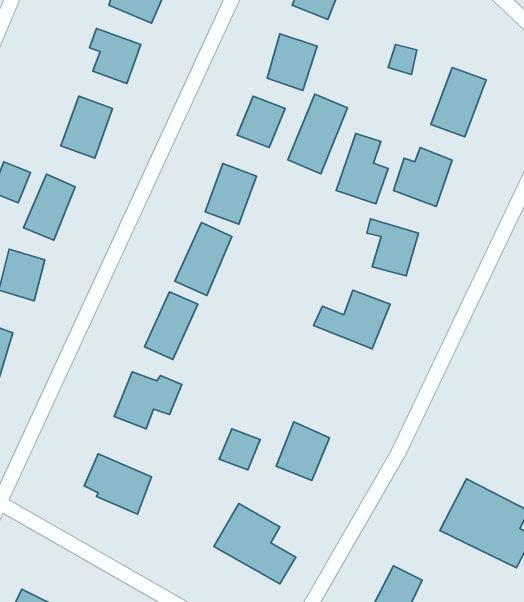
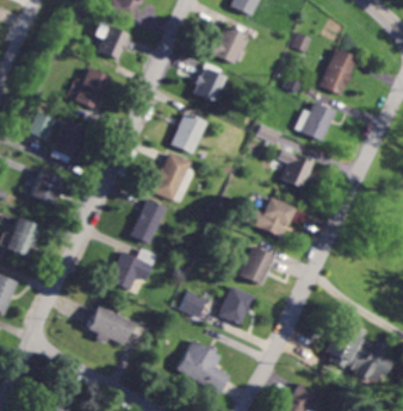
building: [288,94,348,174] -> none
building: [336,134,388,204] -> none
building: none -> [238,245,274,284]

